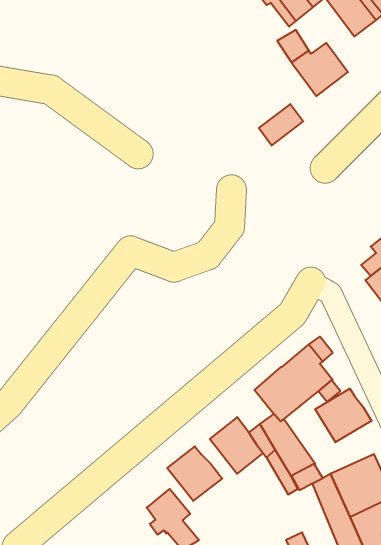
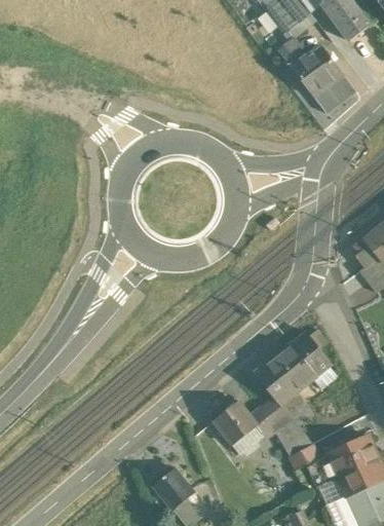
building: [259,104,303,145] -> [313,74,355,113]
building: [315,389,372,442] -> none
building: [167,446,222,501] -> none

